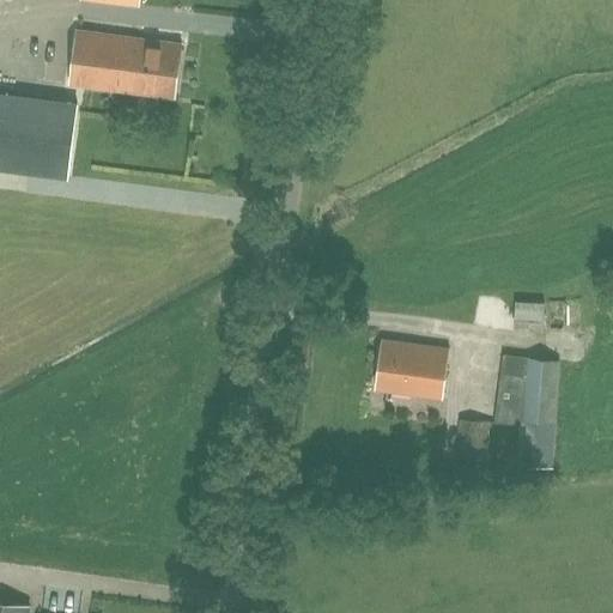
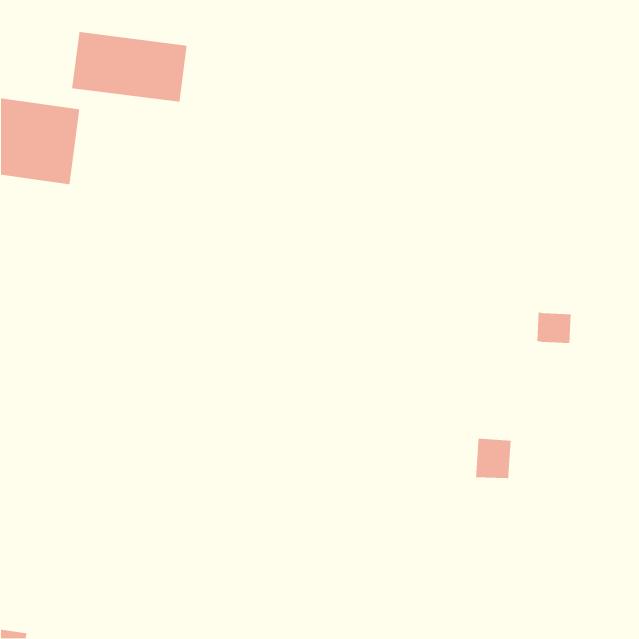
building: [375,339,448,399] -> none
building: [493,354,557,468] -> none

